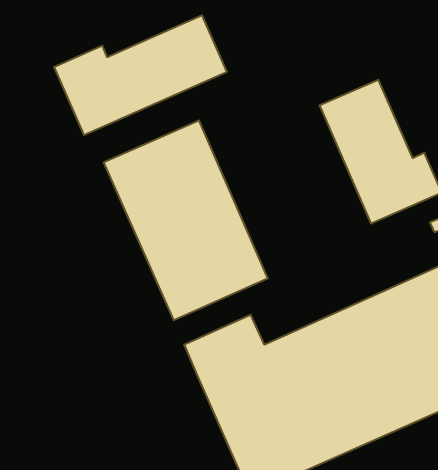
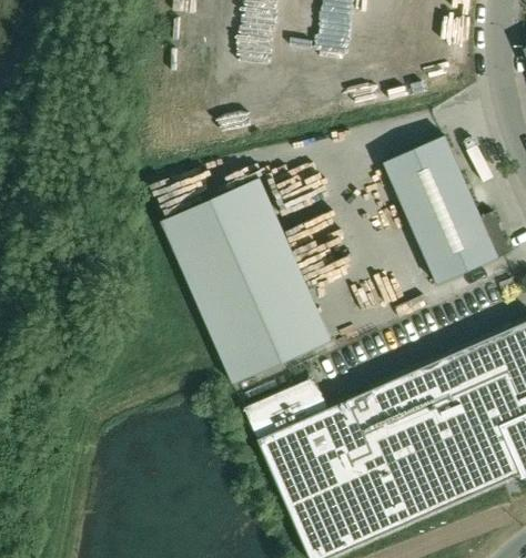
building: [54,15,227,135] -> none

